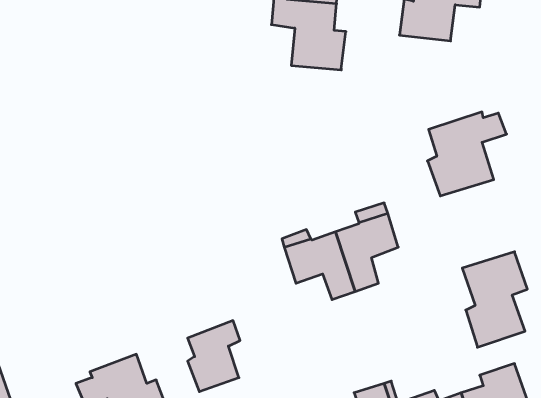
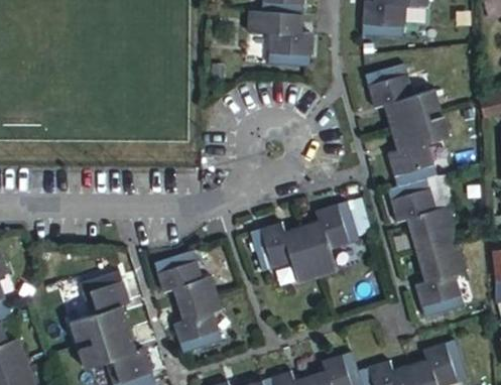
building: none -> [356,65,441,133]
building: none -> [384,180,458,253]
building: none -> [152,257,214,313]
building: none -> [68,270,130,343]

